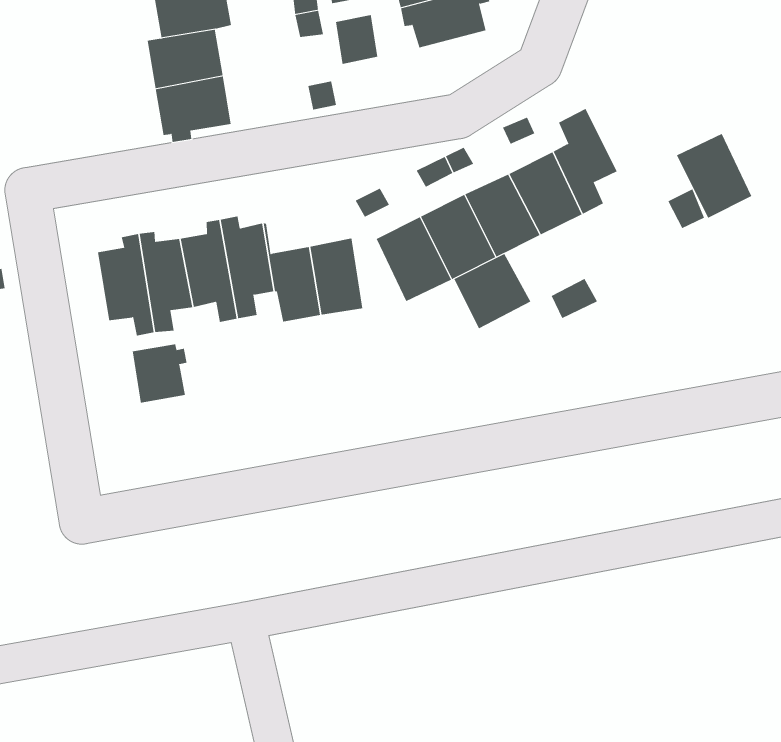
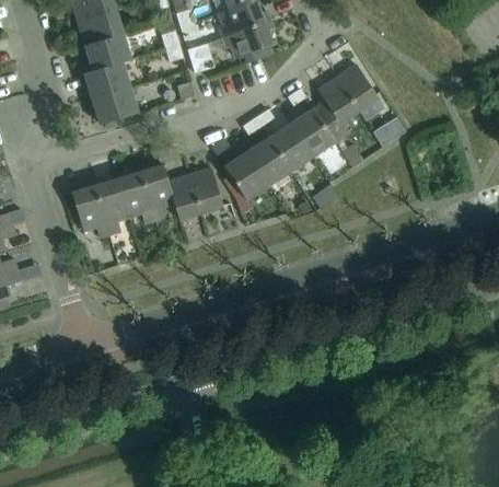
building: [676,133,752,219] -> [333,65,378,113]
building: [454,253,531,329] -> none
building: [132,344,187,404] -> none

